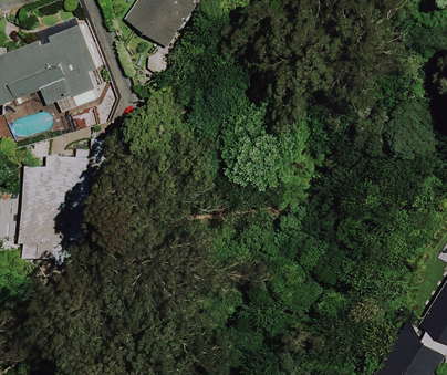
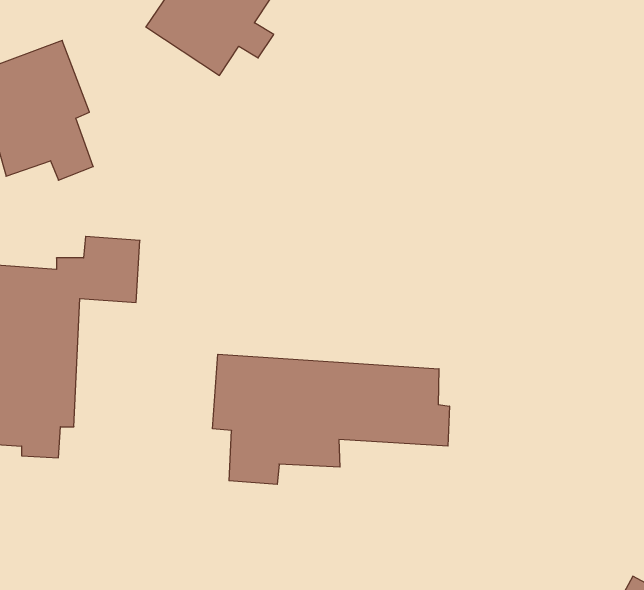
building: none -> [213,354,449,484]

